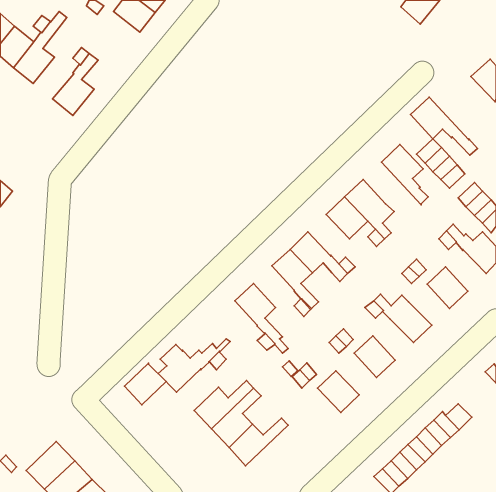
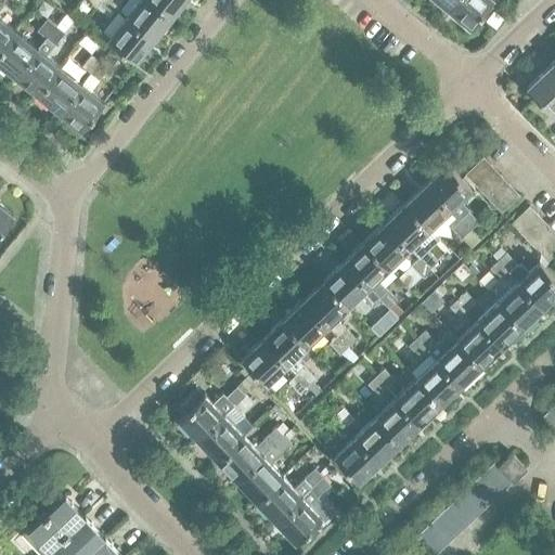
building: none -> [108,17,156,63]
building: none -> [37,68,82,115]
building: [411,97,478,155] -> [405,185,480,250]
building: none -> [344,244,390,291]
building: none -> [498,283,543,330]
building: none -> [283,301,328,348]
building: none -> [456,322,502,367]
building: none -> [242,340,287,387]
building: none -> [416,361,462,406]
building: none -> [375,399,421,446]
building: [124,363,166,405] -> [197,416,244,463]
building: none -> [334,438,380,485]
building: none -> [274,479,333,545]

